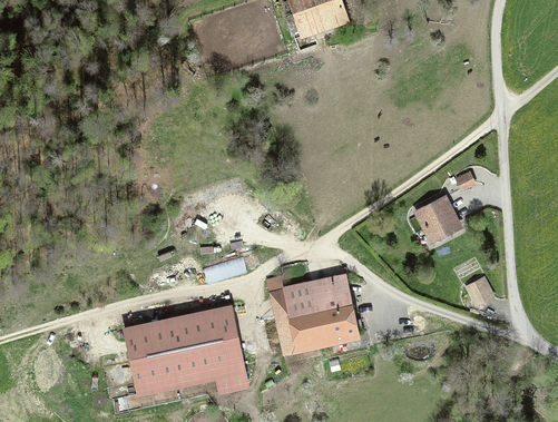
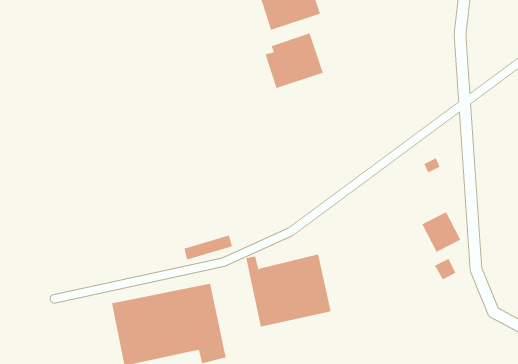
building: none -> [265,32,324,89]
building: [417,197,459,241] -> [421,212,461,252]

